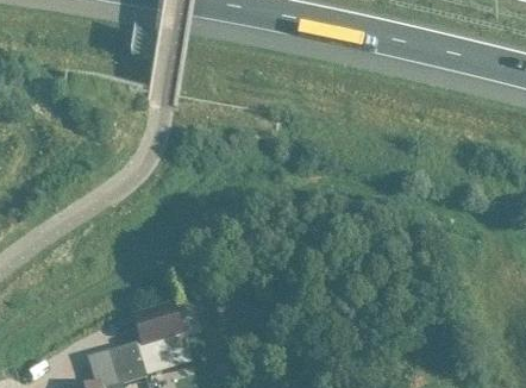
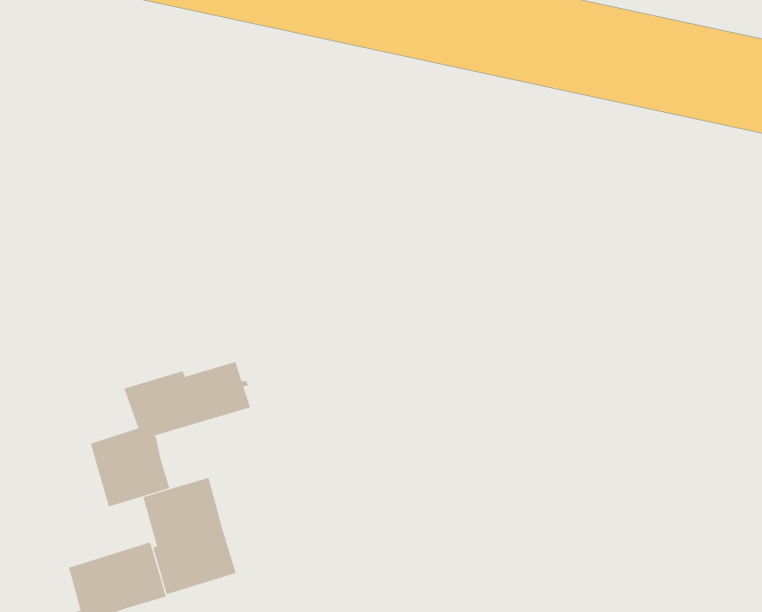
building: none -> [90,361,251,507]

